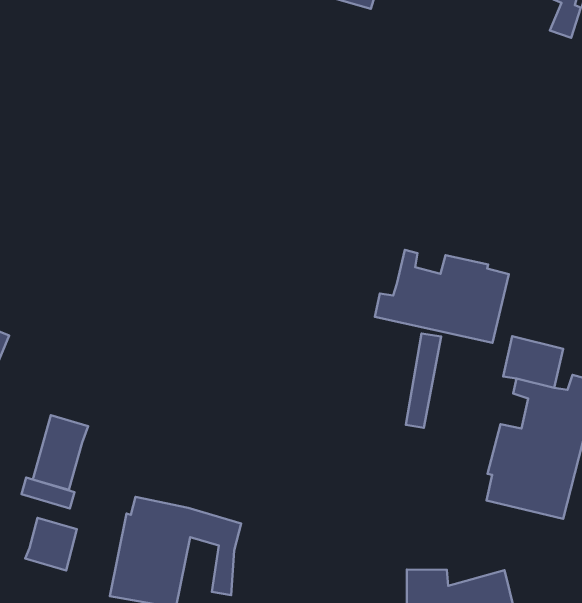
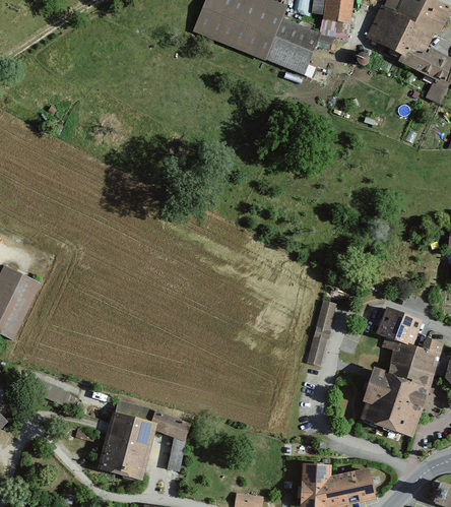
building: [375,250,509,343] -> none
building: [33,415,88,490] -> none
building: [25,518,77,570] -> none

